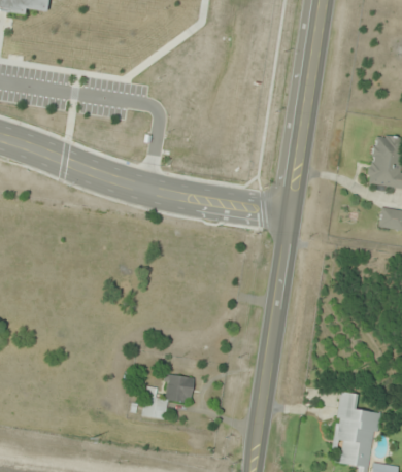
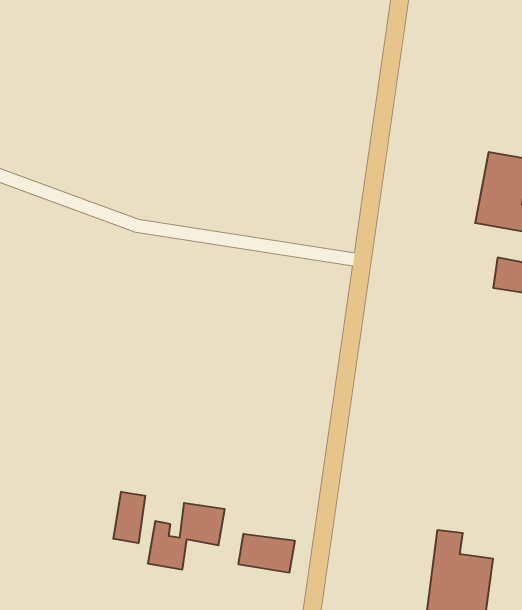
building: none -> [113,492,145,543]
building: none -> [239,534,295,573]

